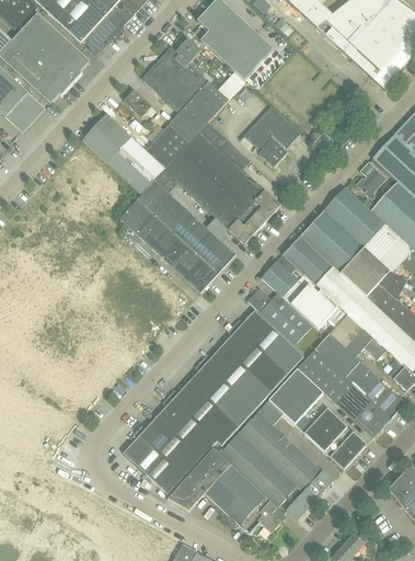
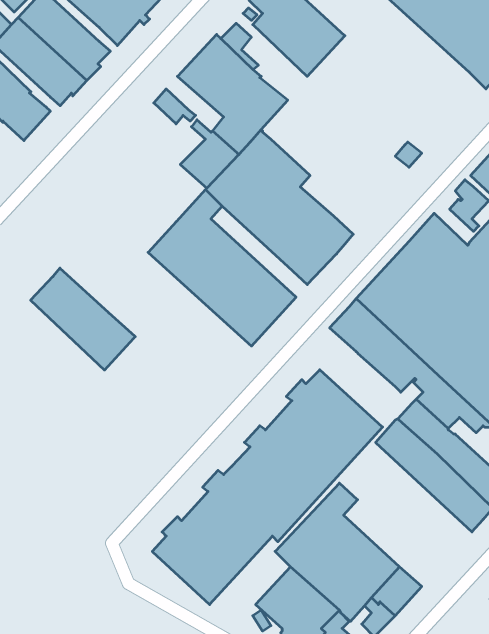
building: [240,106,300,168] -> none
building: [83,114,165,194] -> [31,268,135,370]
building: [247,287,312,343] -> none
building: [269,368,323,423] -> none
building: [304,408,367,469] -> none
building: [168,448,231,510] -> none

